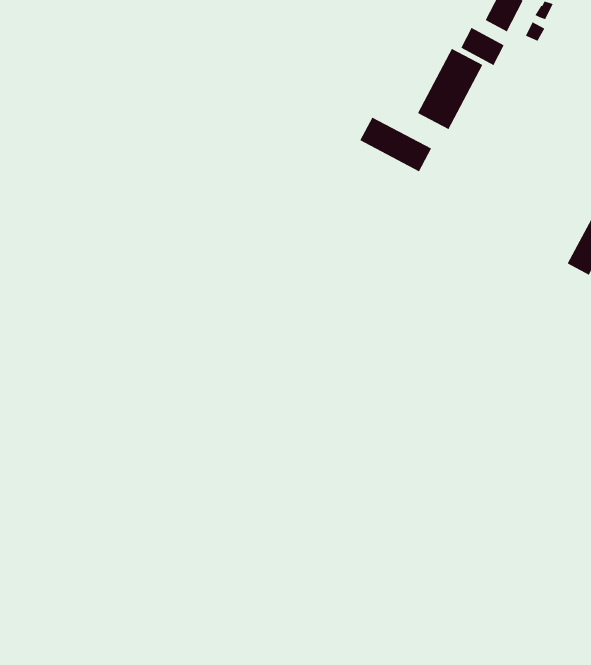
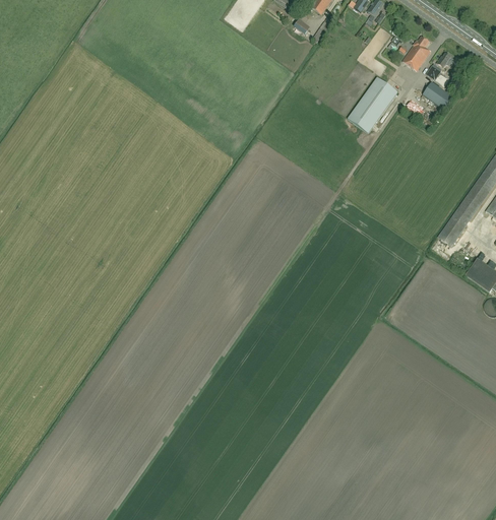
building: [461,27,505,66] -> [424,81,454,110]
building: [359,117,432,172] -> none

